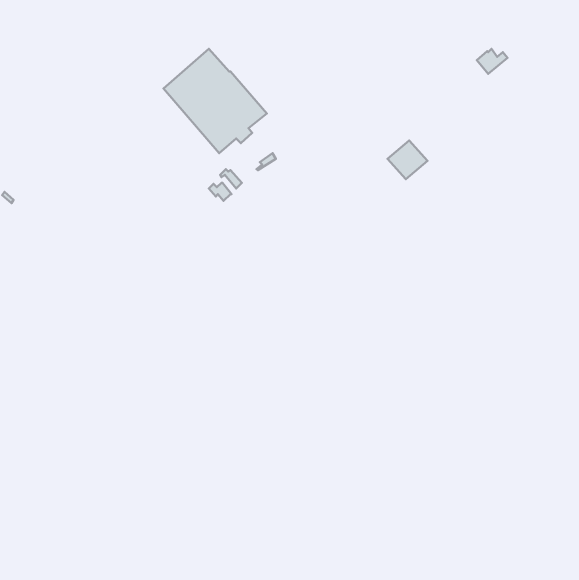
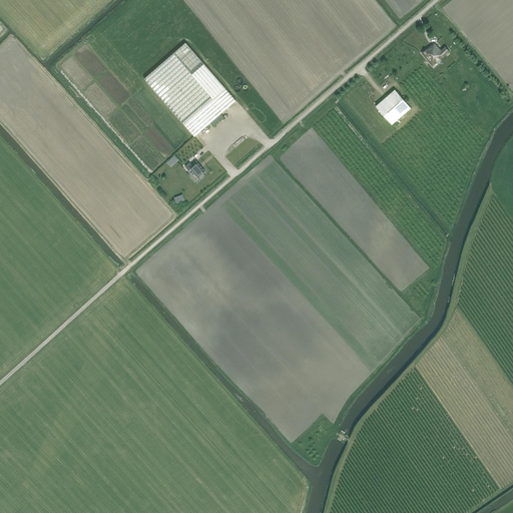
building: [388,141,427,179] -> [375,91,410,125]

